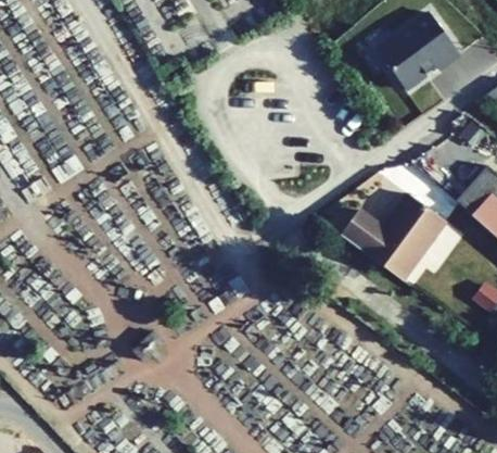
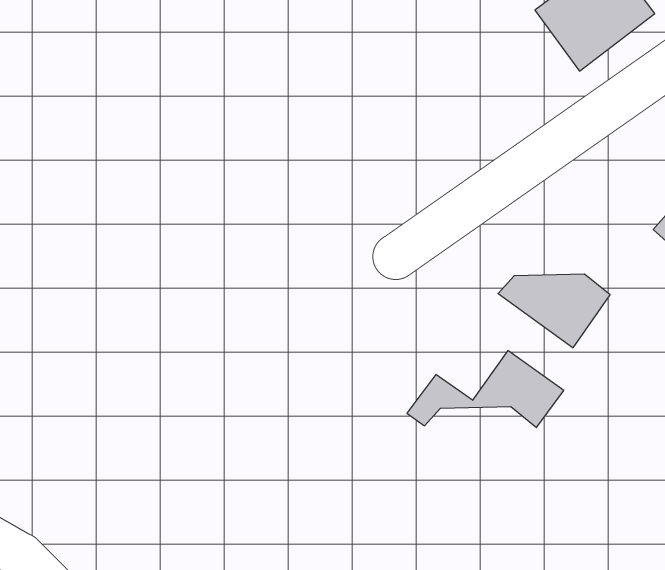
building: [341,193,447,246] -> [407,351,564,427]

